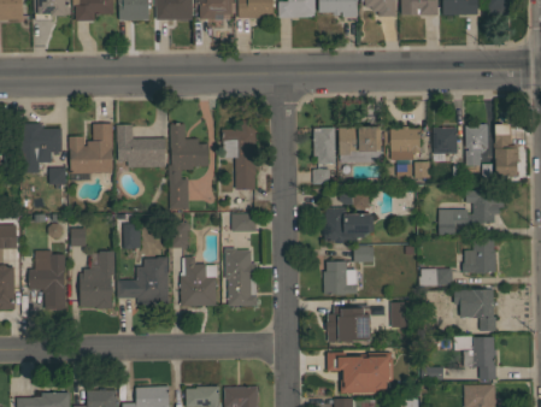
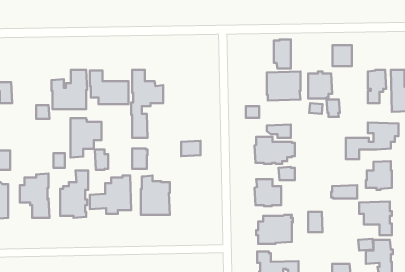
building: [23,123,61,172] -> [71,118,101,157]
building: [313,126,335,163] -> [274,40,291,68]
building: [433,126,457,153] -> [333,45,352,66]
building: [223,128,257,189] -> none
building: [225,247,257,305] -> none

